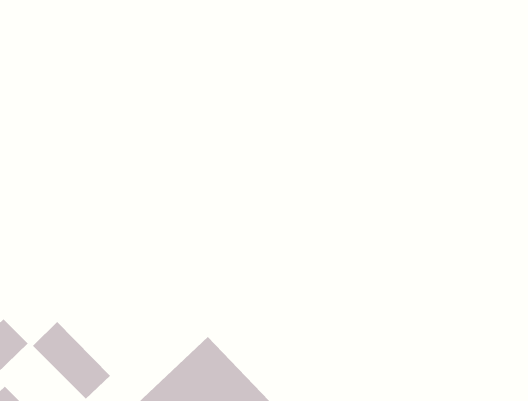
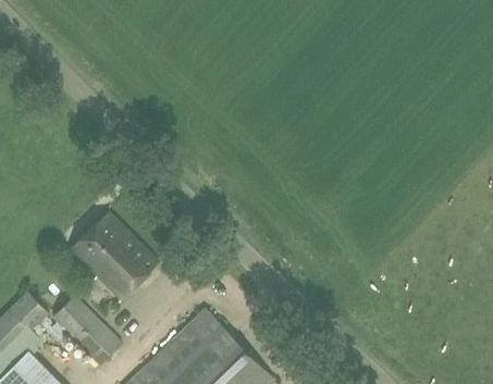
building: none -> [71,210,158,297]

